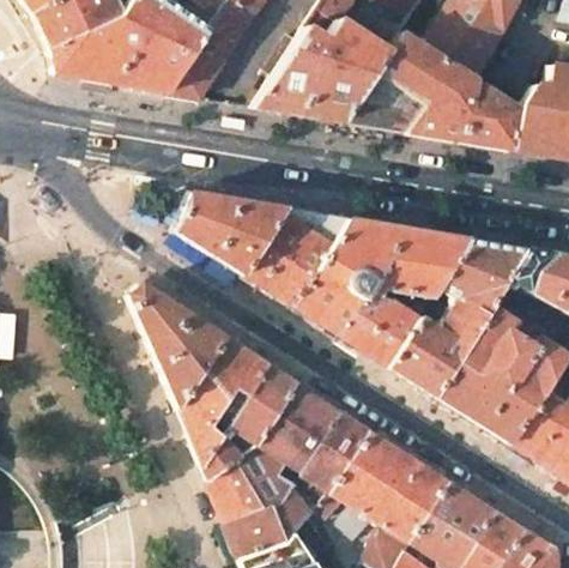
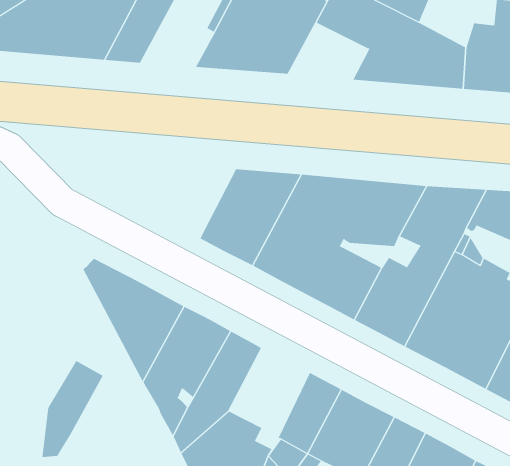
building: [345,74,425,133] -> none
building: [177,193,286,274] -> none
building: none -> [42,360,104,458]
building: [260,386,341,475] -> none

